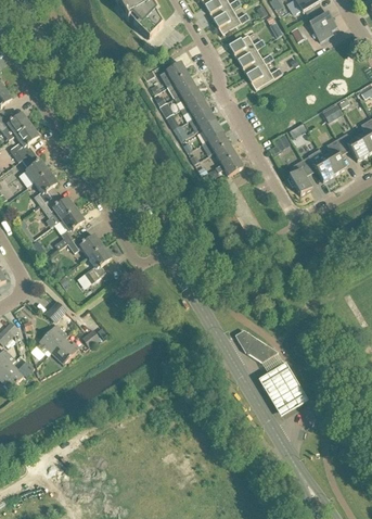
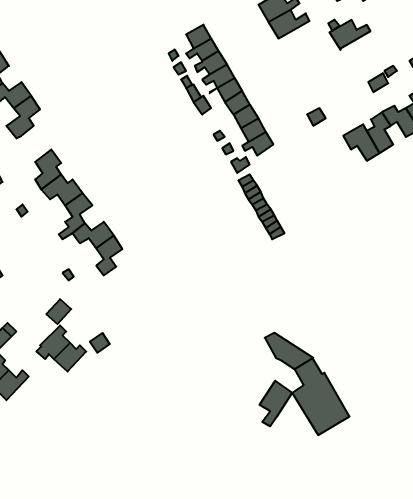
building: [246,63,282,89] -> [329,20,371,50]
building: [23,150,49,181] -> none
building: [287,159,312,194] -> none
building: none -> [260,381,292,426]

